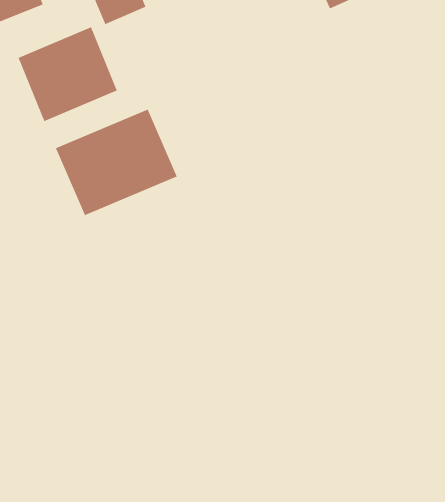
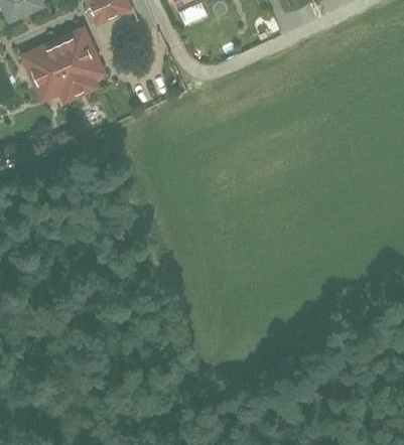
building: [55,109,178,216] -> none

